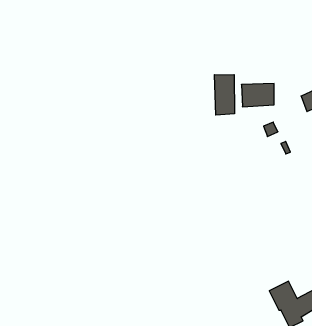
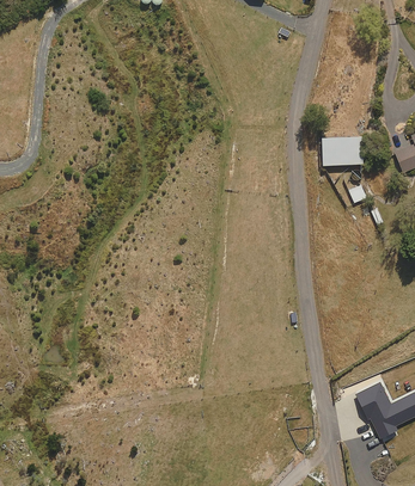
building: [214,75,234,115] -> none

